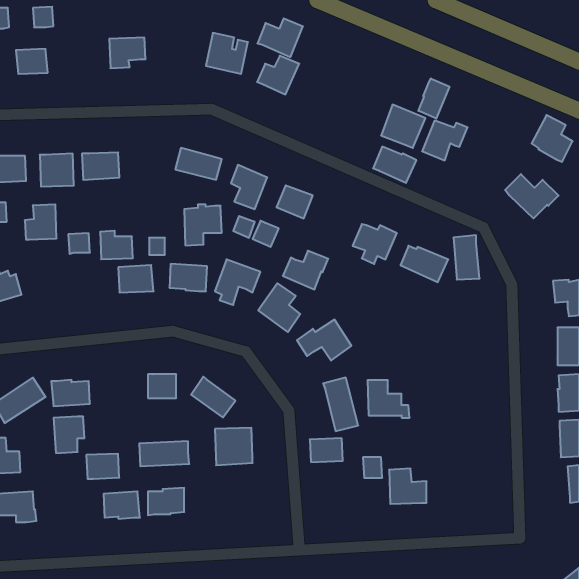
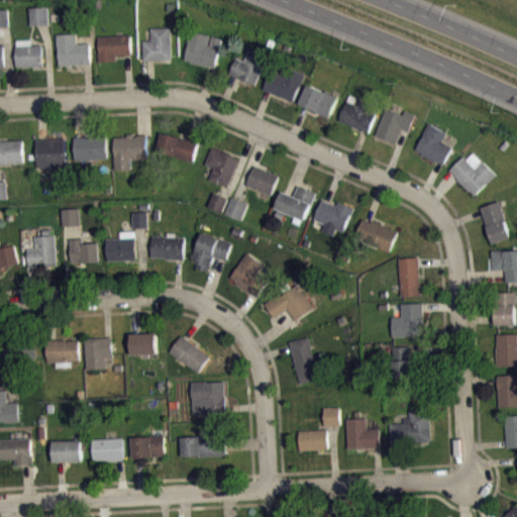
building: [257,18,303,57] -> [263,68,303,102]
building: none -> [141,28,170,61]
building: none -> [56,34,90,66]
building: [418,78,449,119] -> none
building: [532,115,573,162] -> [415,124,451,166]
building: [373,147,416,183] -> [298,86,336,118]
building: [25,204,57,240] -> [27,235,56,267]
building: [184,205,222,245] -> [113,134,146,171]
building: none -> [480,202,510,244]
building: [100,231,133,259] -> [70,238,99,264]
building: [453,235,480,280] -> [397,257,420,297]
building: [283,251,328,289] -> [275,187,315,221]
building: none -> [391,304,422,337]
building: [367,380,410,418] -> [392,347,429,381]
building: [54,417,84,453] -> [85,338,112,371]
building: [310,438,343,462] -> [298,430,327,451]
building: [139,441,189,466] -> [181,435,225,457]
building: [86,454,119,479] -> [53,441,82,463]
building: none -> [389,411,430,444]

